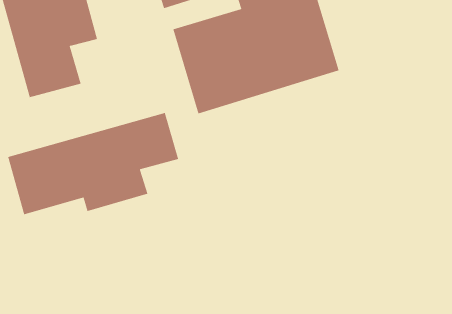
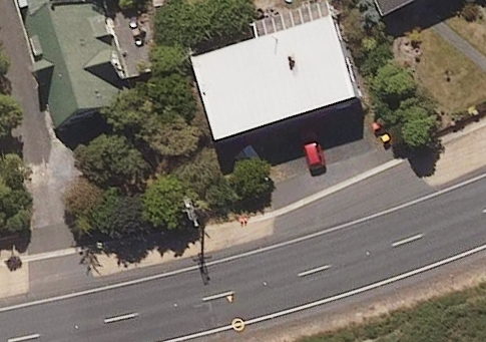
building: [8,112,179,215] -> none

